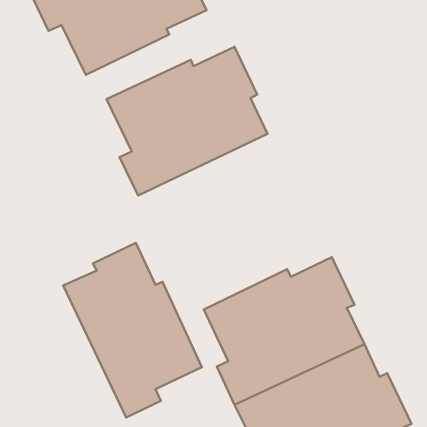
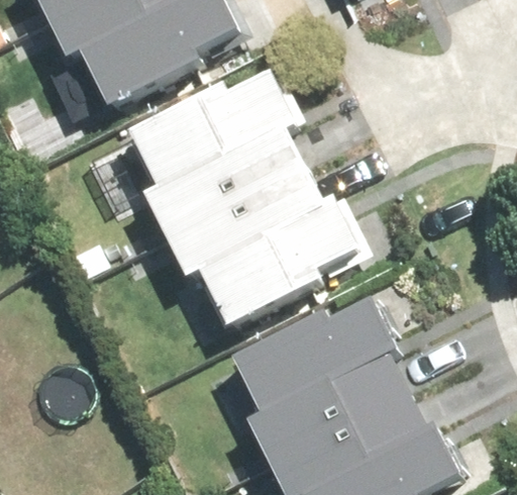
building: none -> [165,167,354,323]
building: [63,243,202,417] -> none

